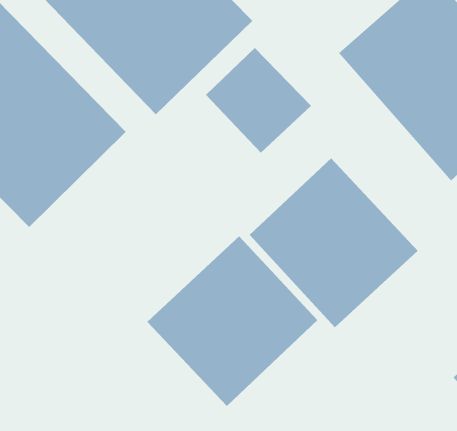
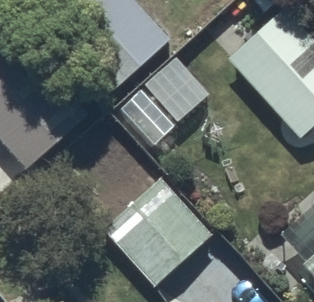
building: [249,157,419,328] -> none

